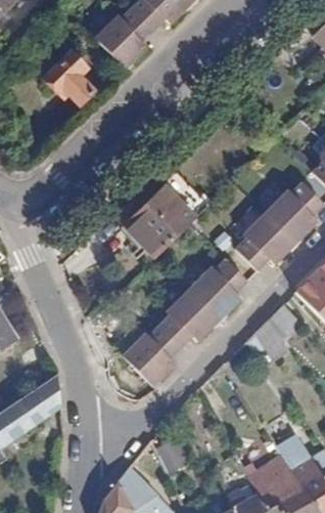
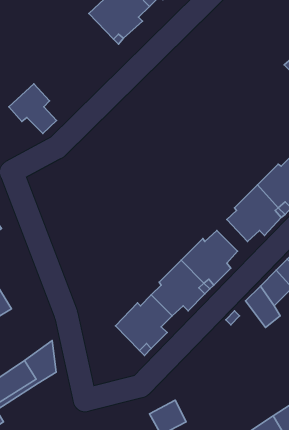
building: [45,51,94,102] -> [9,84,57,134]
building: [108,197,192,271] -> none

